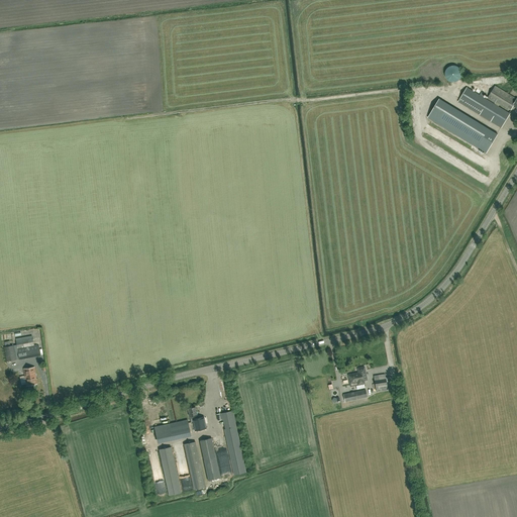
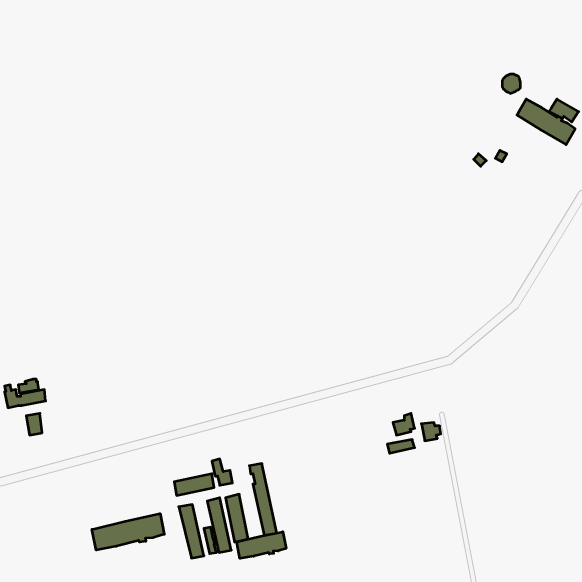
building: [429,99,498,152] -> none
building: none -> [92,514,164,550]
building: none -> [237,532,286,558]

